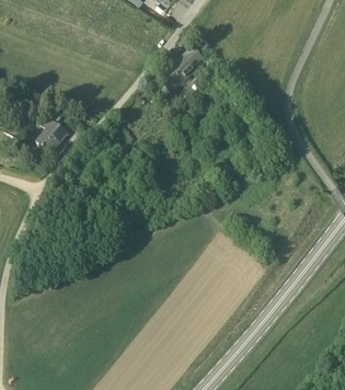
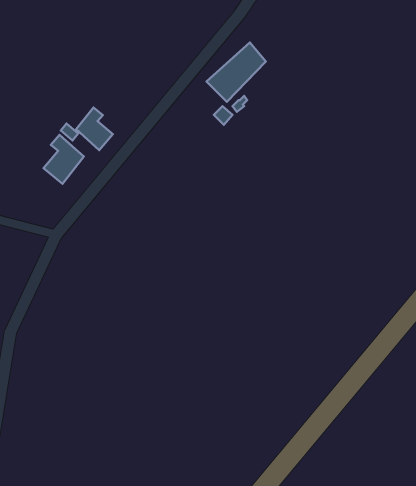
building: none -> [76,108,113,150]

